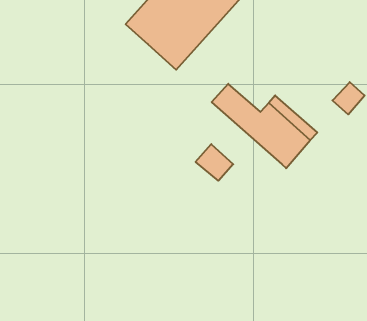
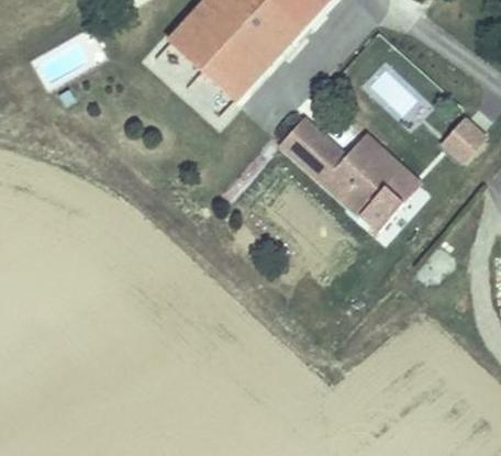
building: [196,144,233,181] -> none

